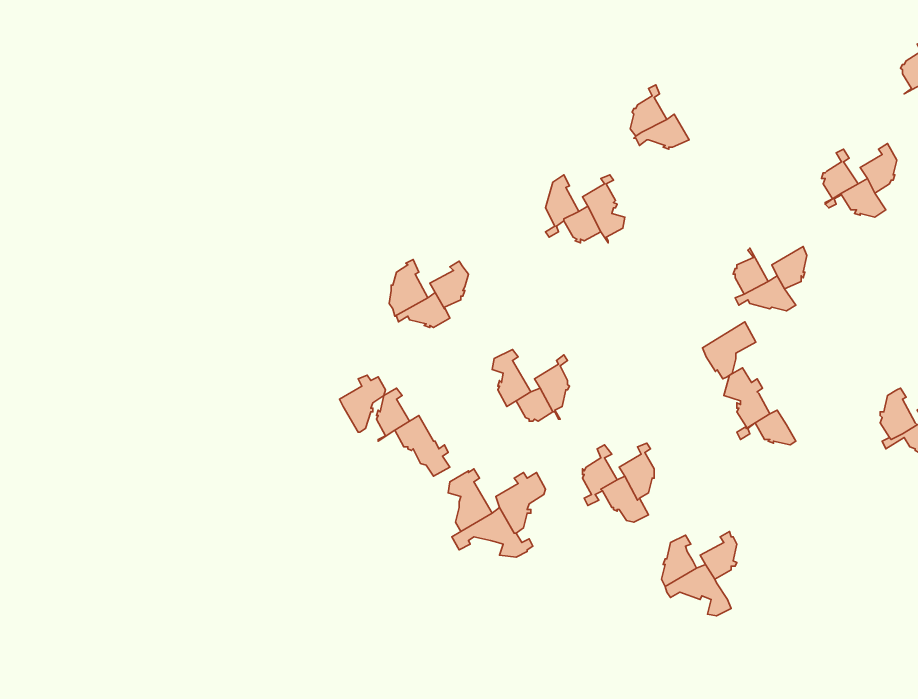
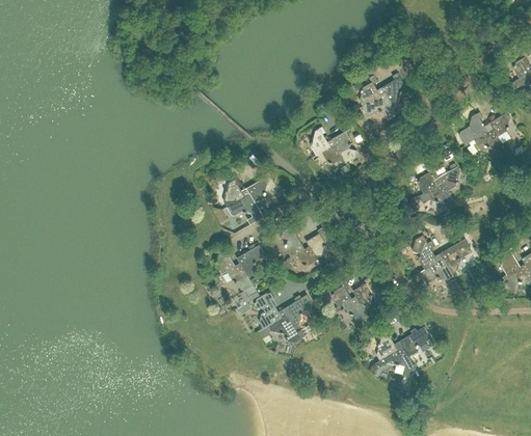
building: none -> [381,74,404,112]
building: [703,322,756,379] -> [441,240,471,272]
building: [340,375,386,432] -> [238,245,264,277]

